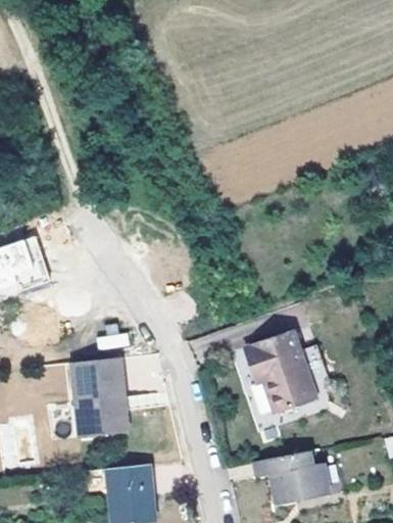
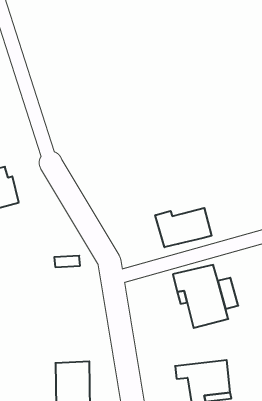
building: none -> [155,208,212,247]
building: [71,359,129,438] -> none

